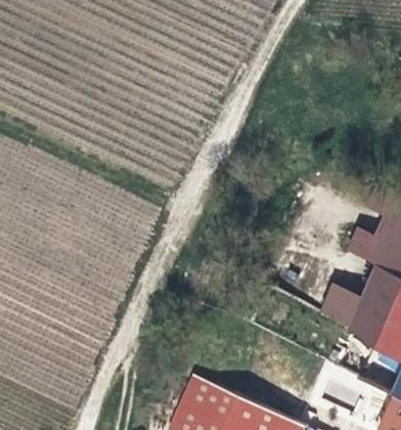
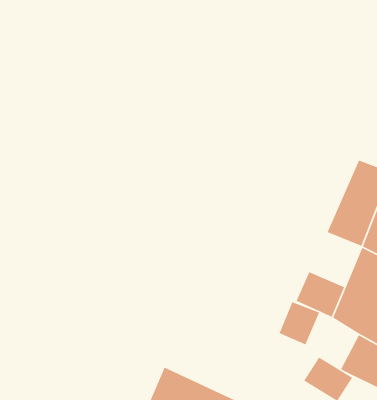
building: none -> [278,301,320,346]

